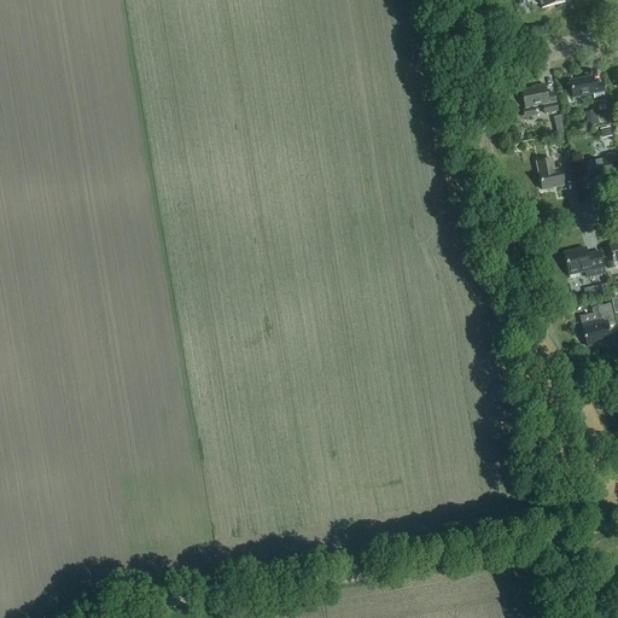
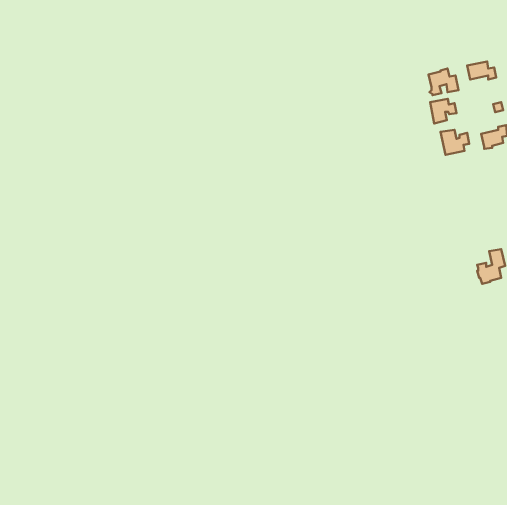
building: none -> [430,99,457,124]
building: [564,247,605,276] -> none

